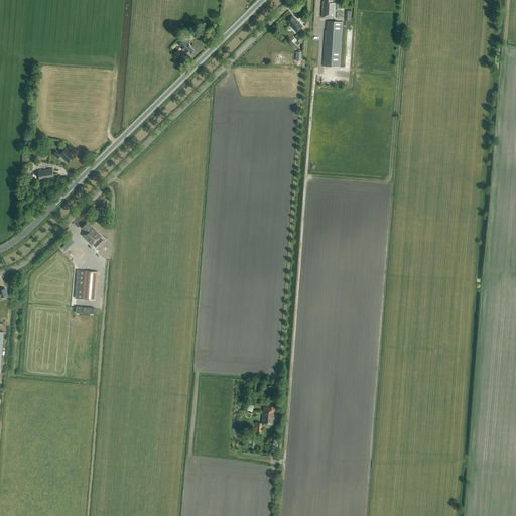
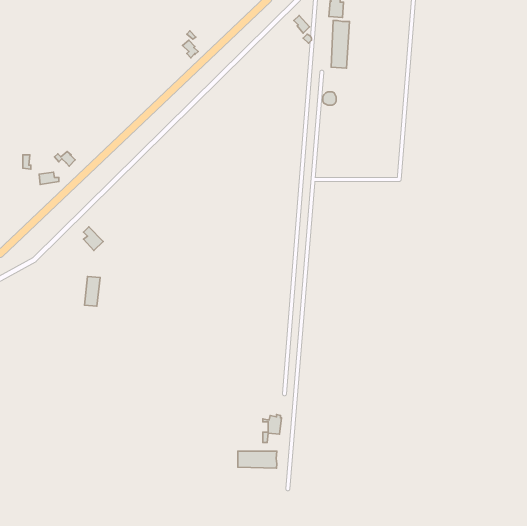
building: none -> [238,451,277,468]

